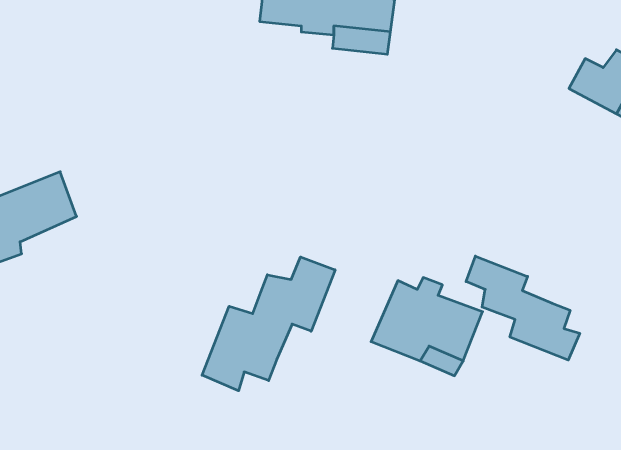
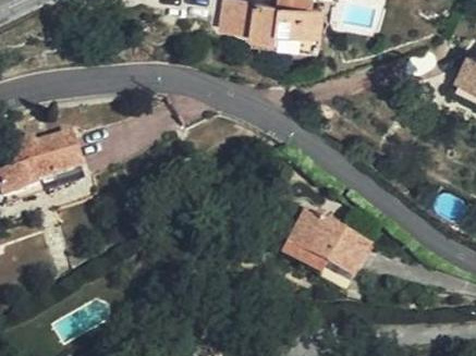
building: [466,256,580,360] -> none
building: [202,257,335,391] -> none

